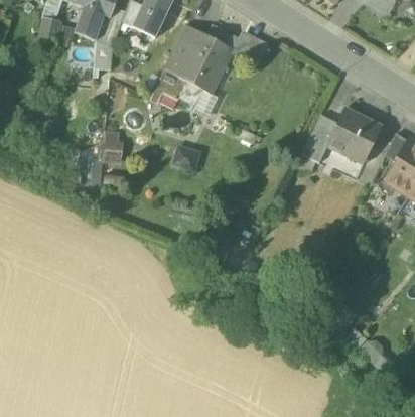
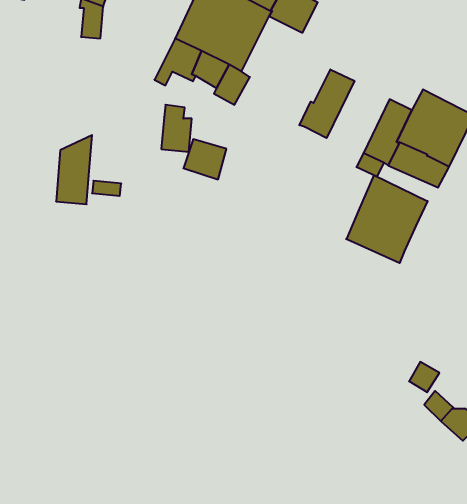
building: none -> [299,69,354,138]
building: [102,130,124,164] -> [161,105,192,152]
building: none -> [346,175,428,263]

